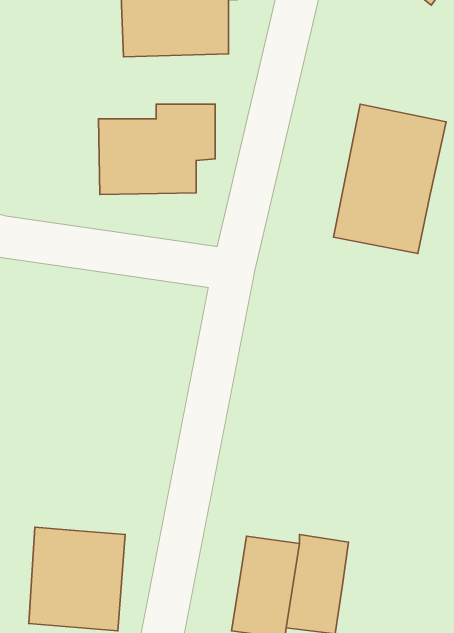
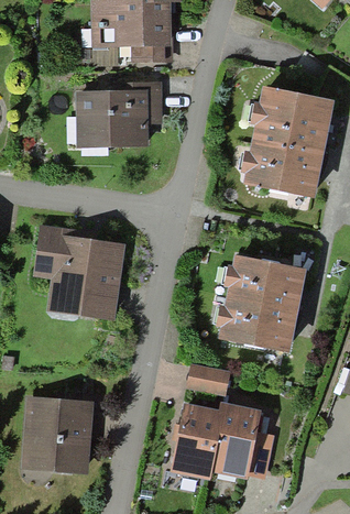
building: none -> [33,229,125,322]
building: none -> [223,251,303,350]
building: none -> [188,362,231,393]

